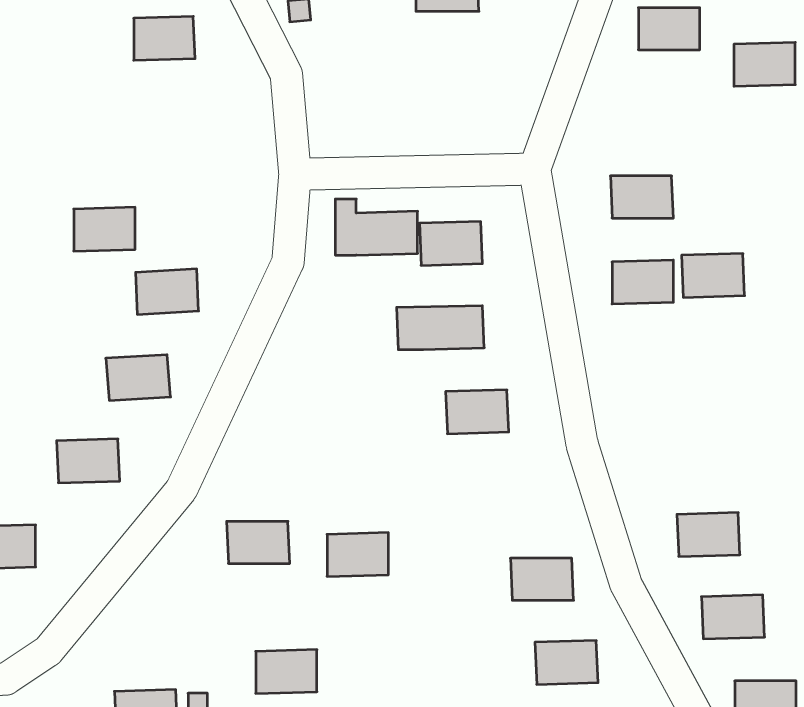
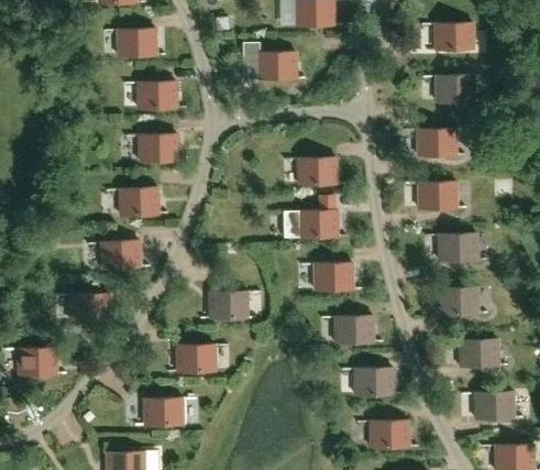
building: [734,42,795,86] -> [436,75,474,102]
building: none -> [137,81,177,109]
building: [335,199,418,255] -> [244,44,296,79]
building: [74,207,135,251] -> [139,134,177,162]
building: [682,254,745,297] -> [438,233,477,261]
building: none -> [439,287,478,315]
building: none -> [334,316,374,343]
building: [327,533,388,576] -> [209,292,247,319]
building: [256,650,317,693] -> [144,398,183,426]

